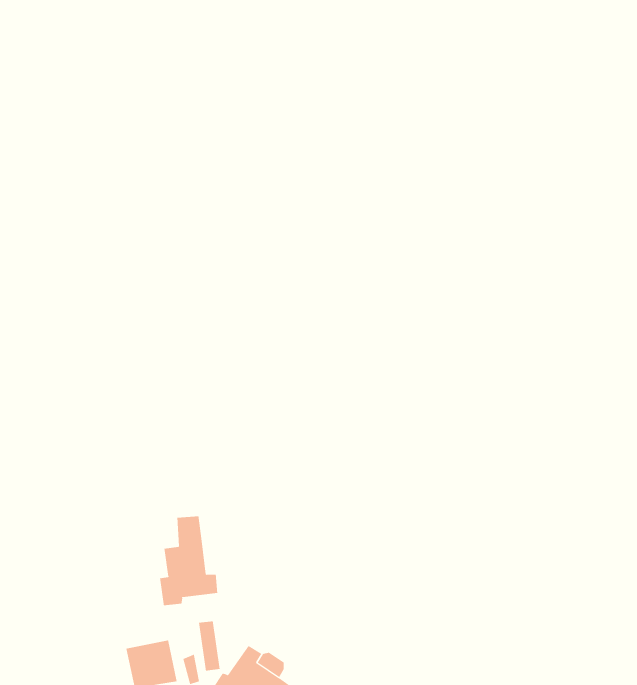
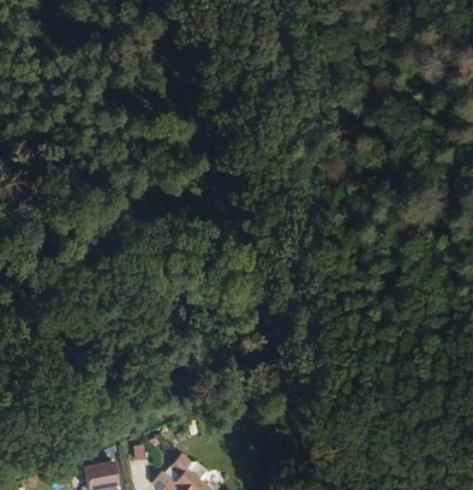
building: [160,516,218,606] -> none

